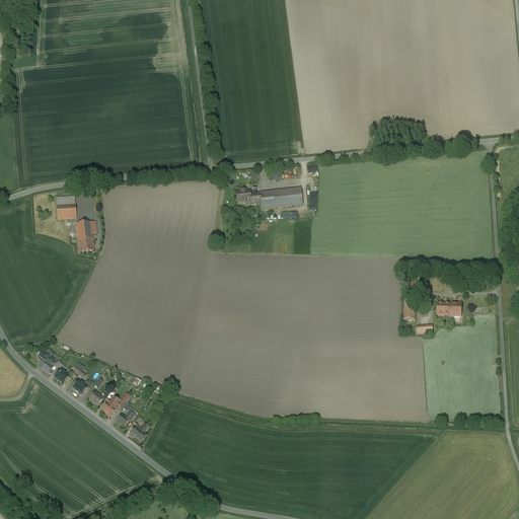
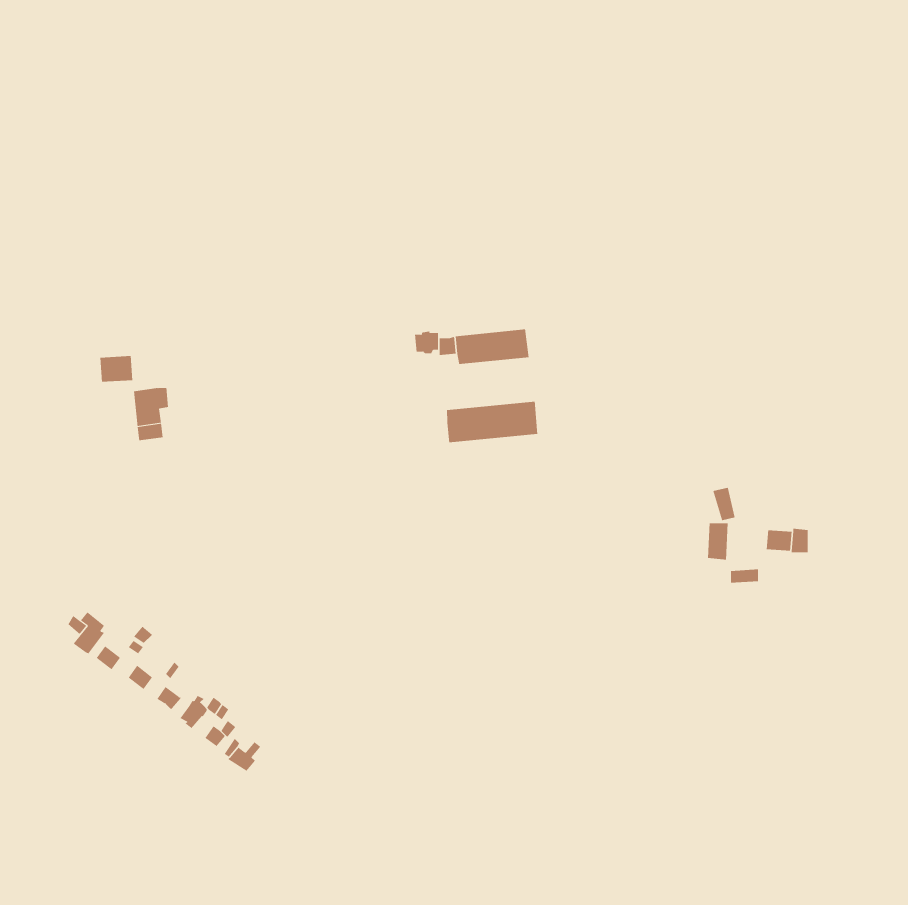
building: none -> [446,401,538,443]

